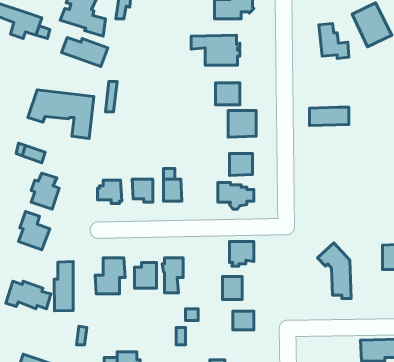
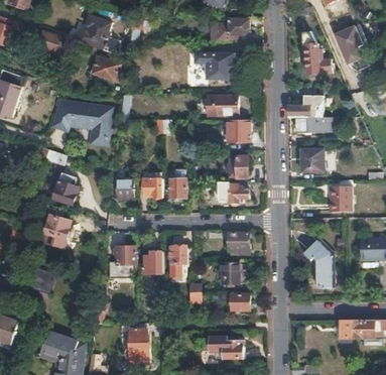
building: none -> [288,96,321,118]
building: none -> [301,150,324,171]
building: none -> [329,186,351,211]
building: [54,262,73,311] -> none

